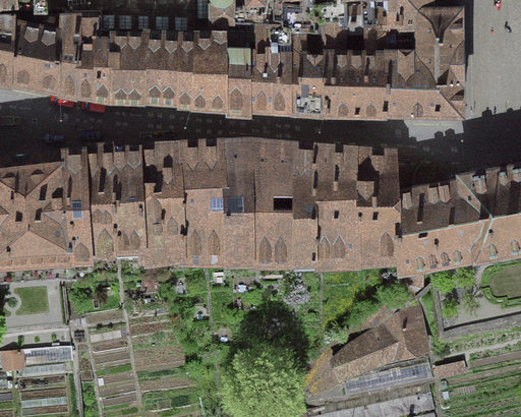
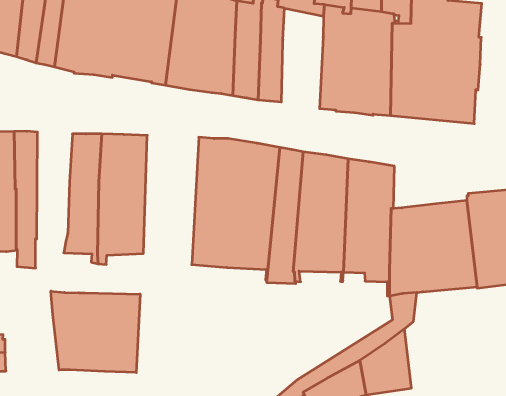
building: [289,32,327,116] -> none
building: [179,150,227,271] -> none
building: [83,156,117,264] -> none
building: none -> [51,291,140,373]

